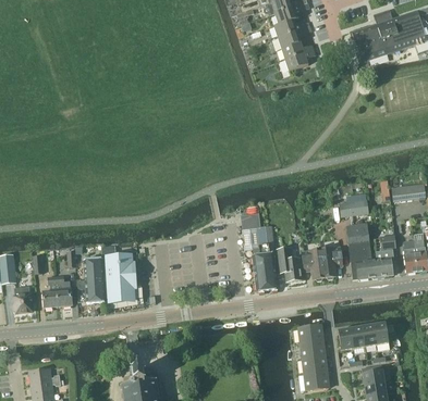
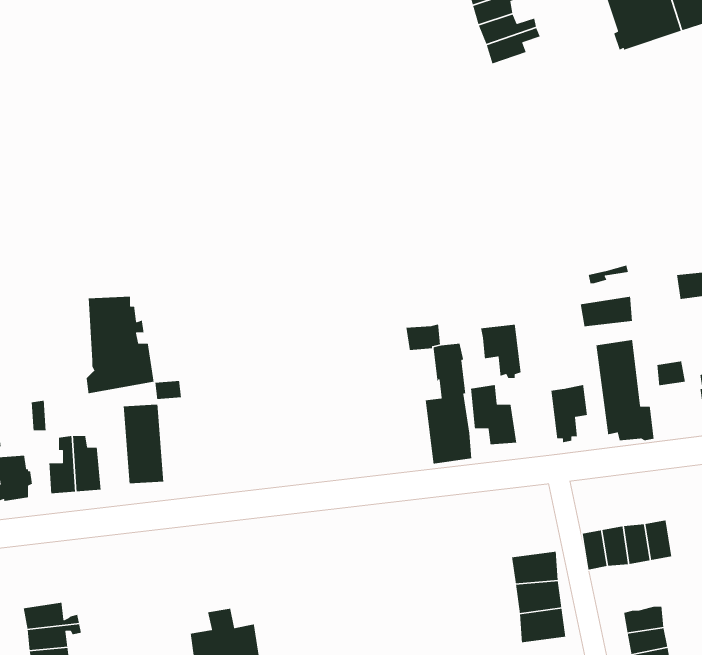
building: [376,248,394,277] -> none
building: [302,250,325,280] -> [480,324,521,379]
building: [106,258,144,312] -> [86,296,154,394]
building: [297,323,325,342] -> none

